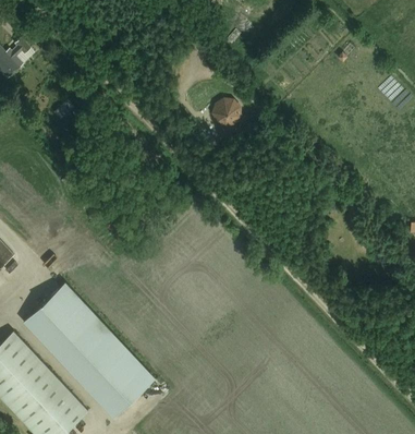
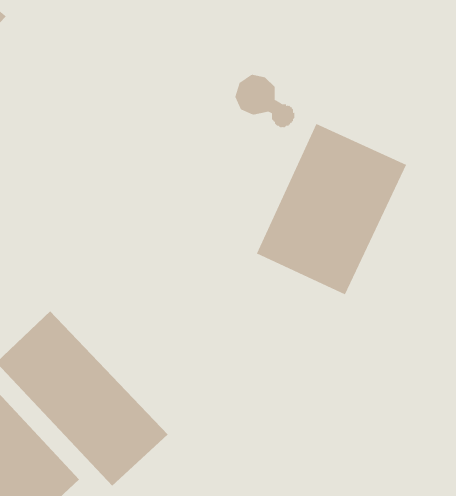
building: none -> [256,123,407,295]

